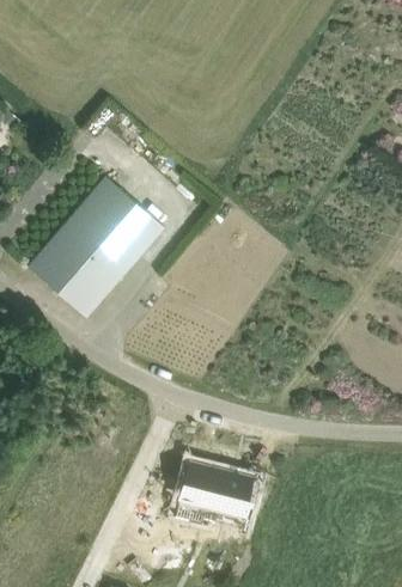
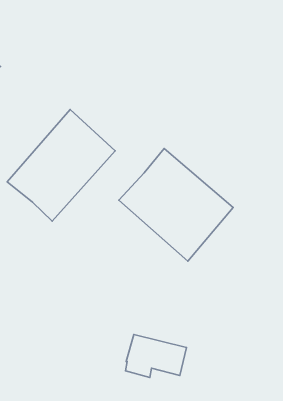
building: none -> [119,148,233,261]

